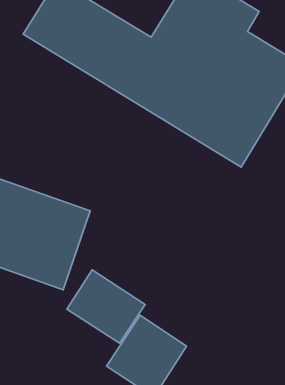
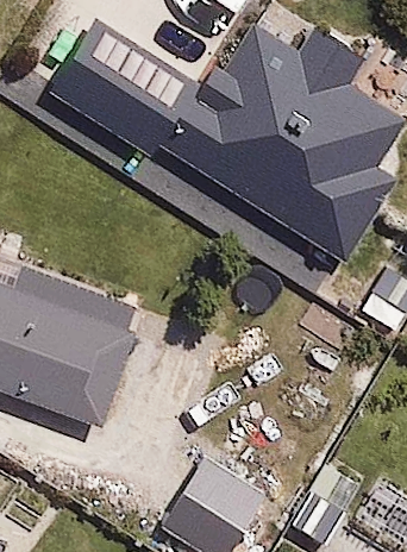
building: [67,270,145,343] -> none

